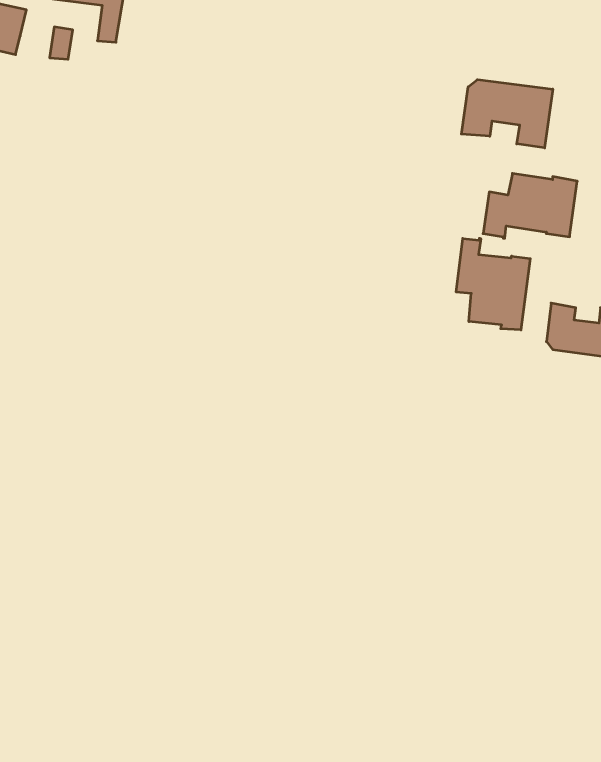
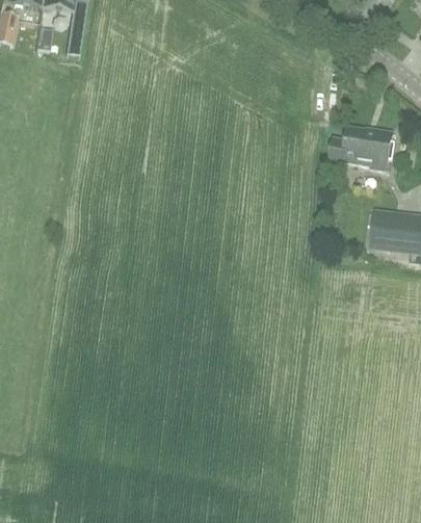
building: [461,80,553,148] -> none
building: [456,238,530,330] -> none

